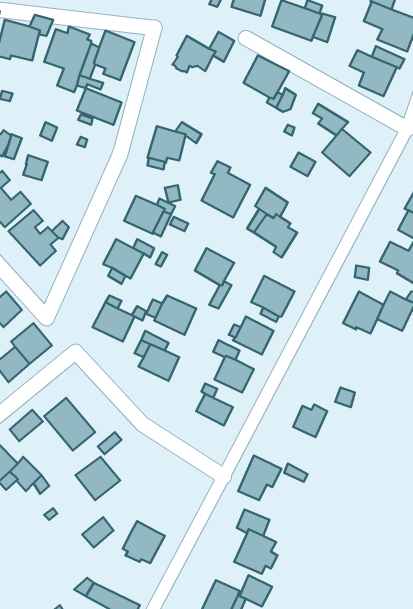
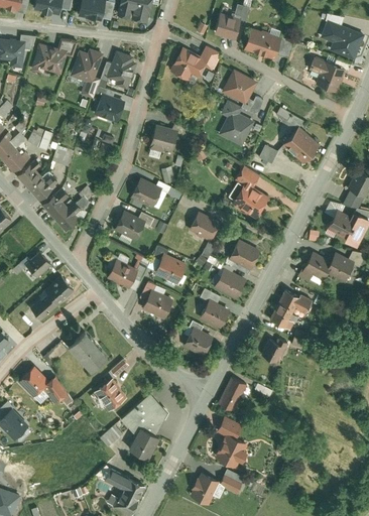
building: [202,161,250,218] -> [218,103,255,146]
building: none -> [270,289,313,330]
building: none -> [122,393,168,436]

